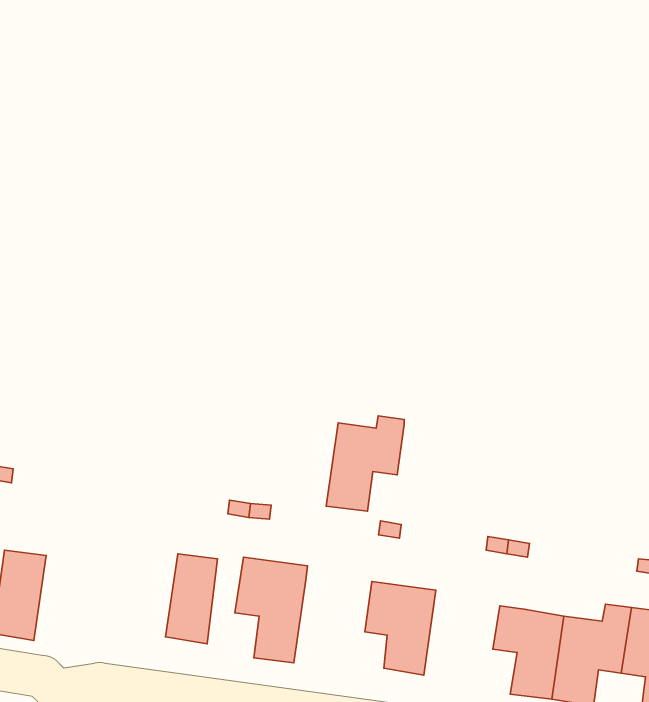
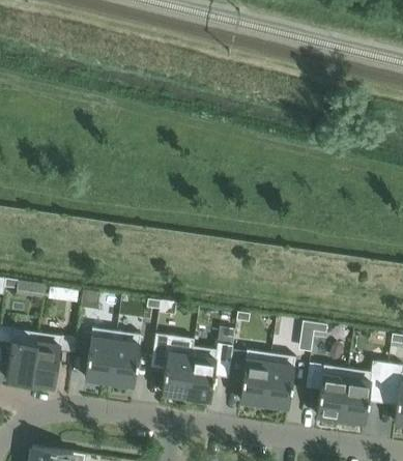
building: [326,416,404,511] -> [186,344,233,401]
building: none -> [85,328,117,382]
building: none -> [31,334,62,387]
building: none -> [264,354,296,408]

